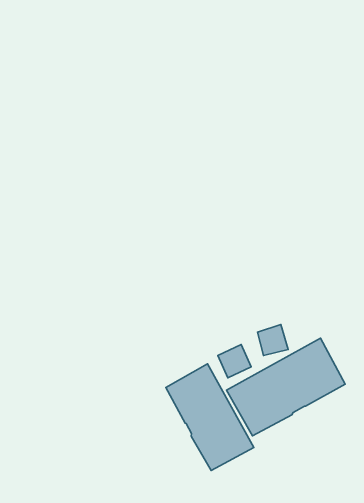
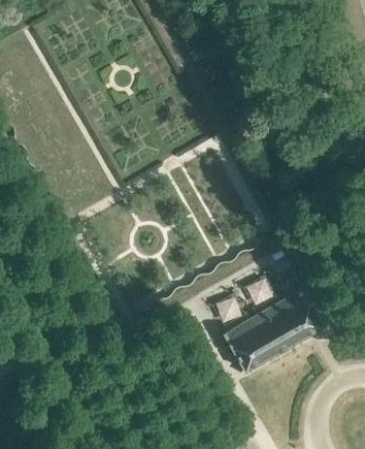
building: [166,364,254,471] -> none

